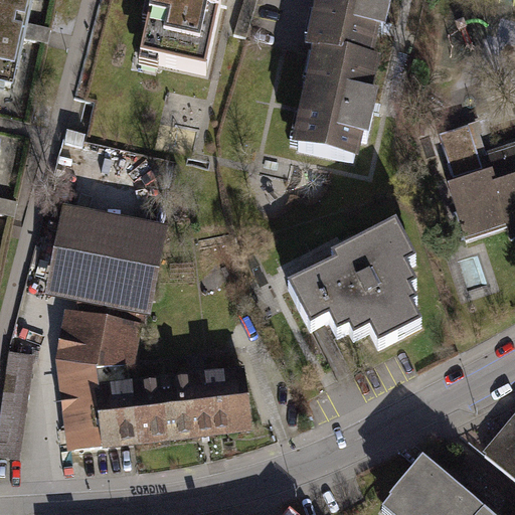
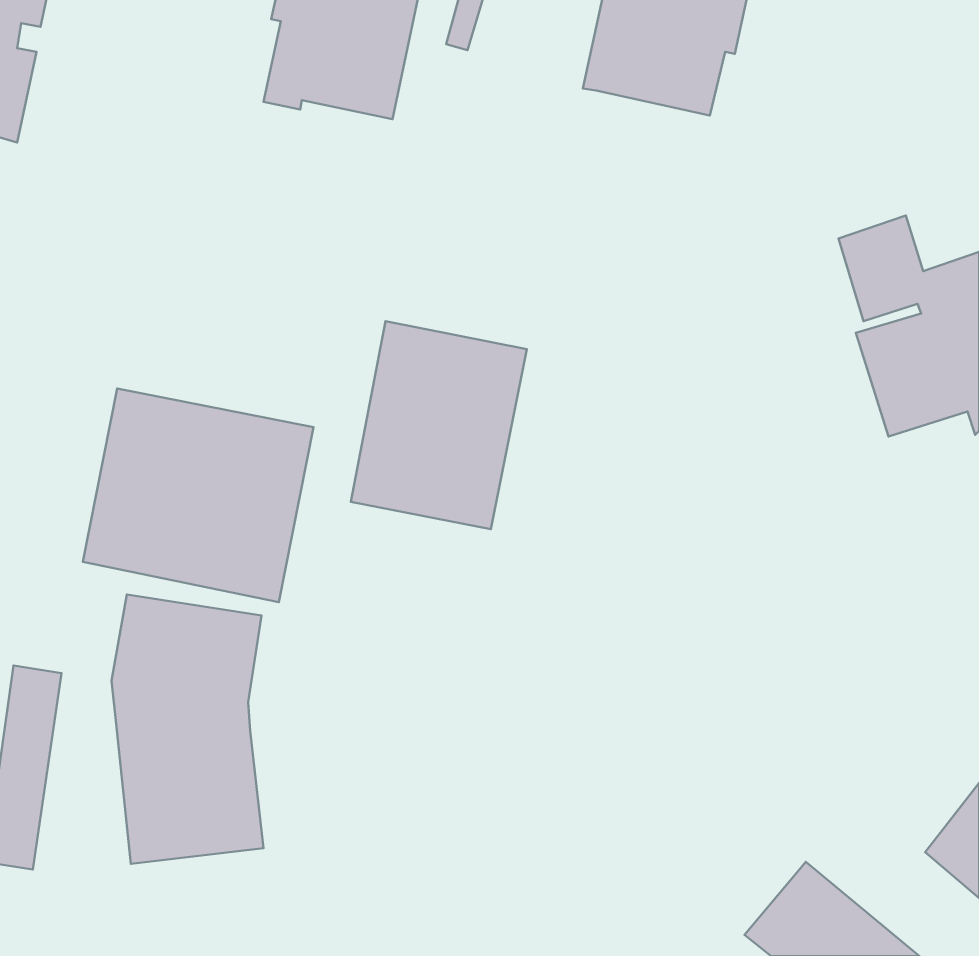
building: [287,47,379,157] -> none
building: none -> [351,321,527,529]
building: [289,214,423,339] -> none
building: [131,370,250,444] -> none

